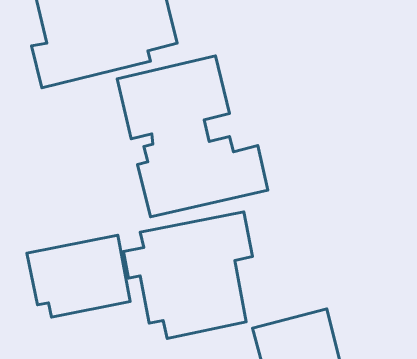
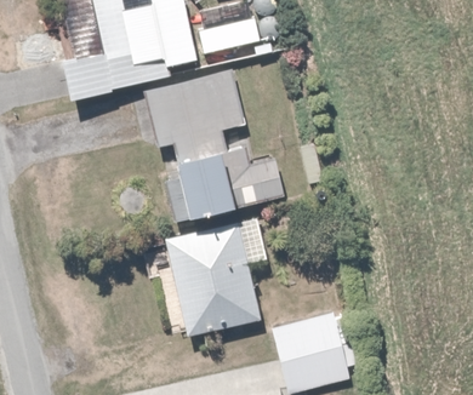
building: [27,235,130,317] -> none

